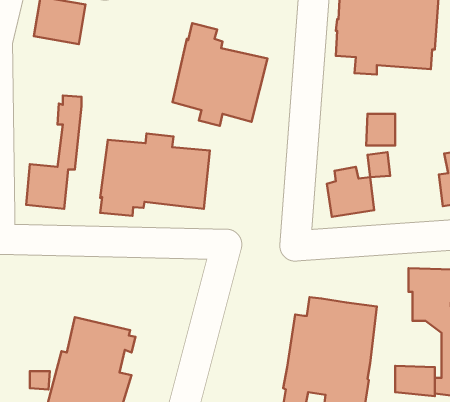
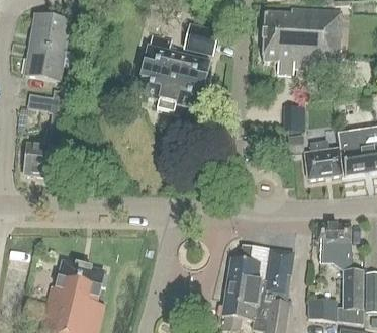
building: none -> [186,26,215,53]
building: none -> [25,44,65,79]
building: [100,134,210,216] -> none
building: [327,167,374,217] -> [304,140,341,178]

